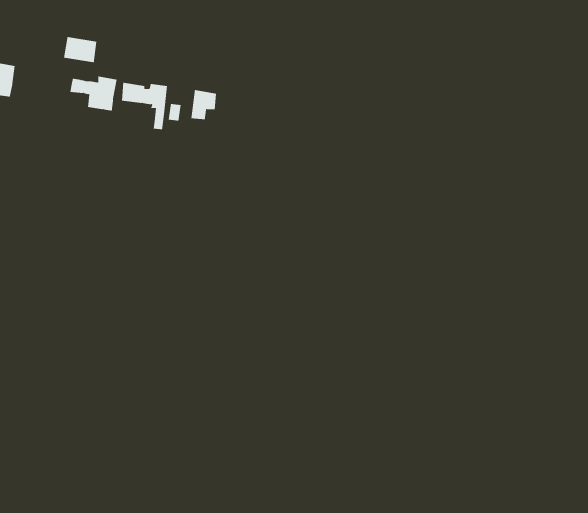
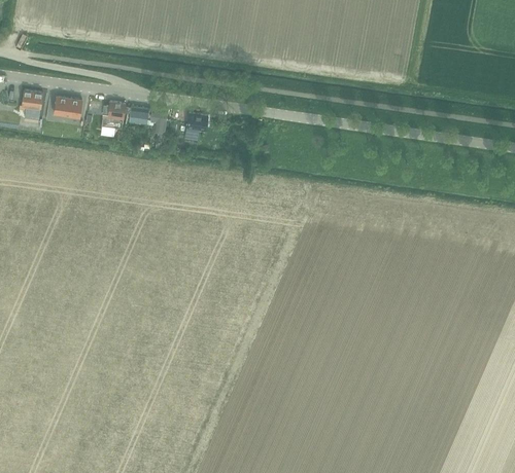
building: [63,37,97,63] -> [54,97,81,118]

